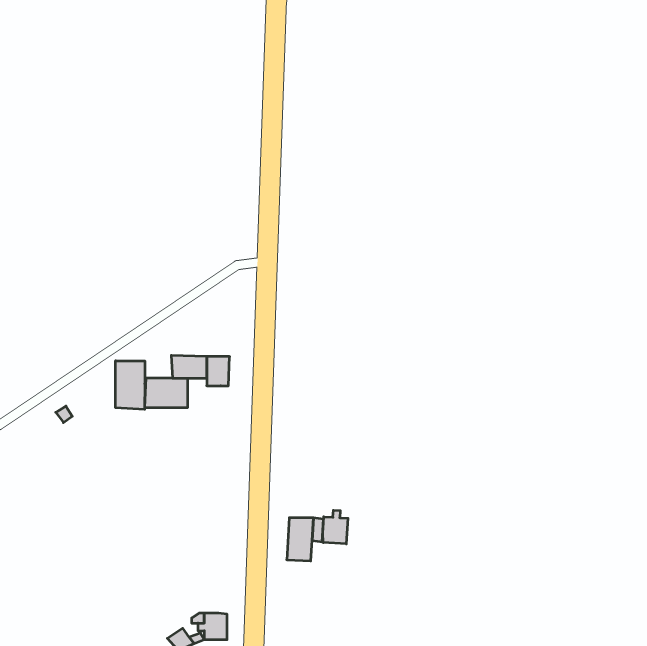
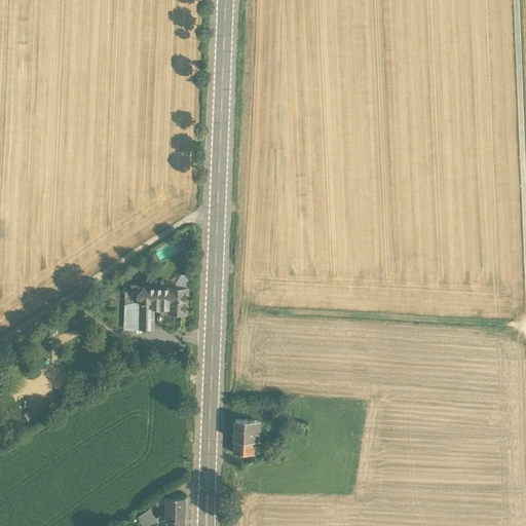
building: [116,361,145,409] -> none
building: [323,510,348,544] -> none

